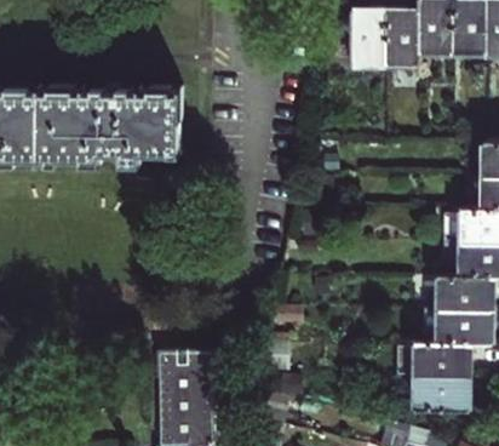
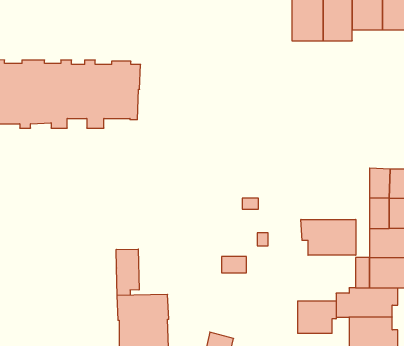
building: none -> [301,219,356,255]
building: none -> [116,249,139,295]
building: none -> [298,301,336,333]

